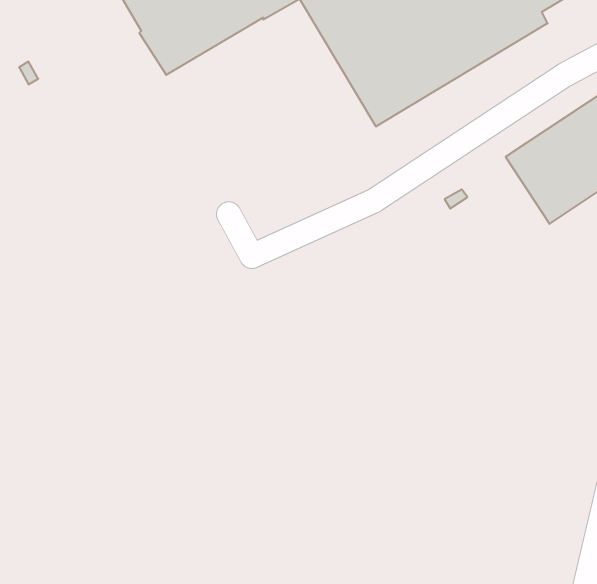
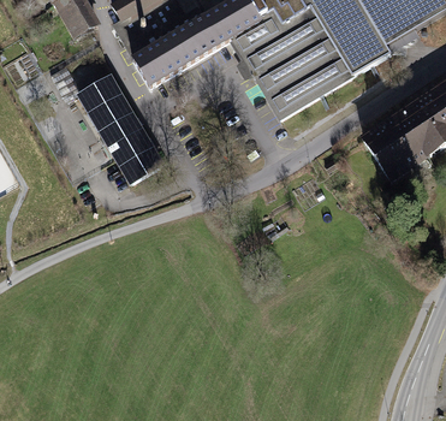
building: none -> [78,76,161,183]

